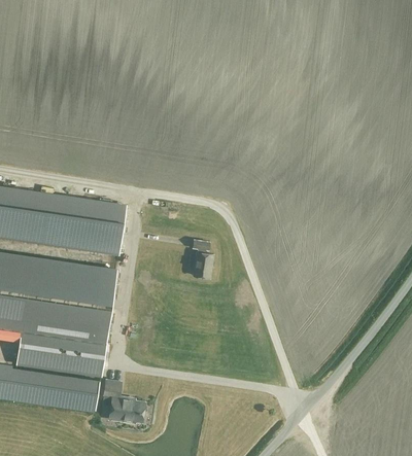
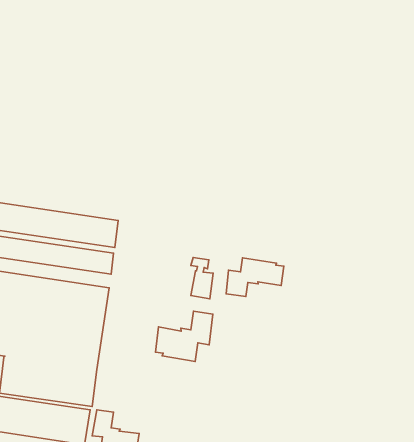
building: none -> [226,258,284,297]
building: none -> [155,311,213,361]

